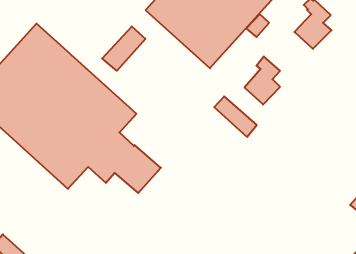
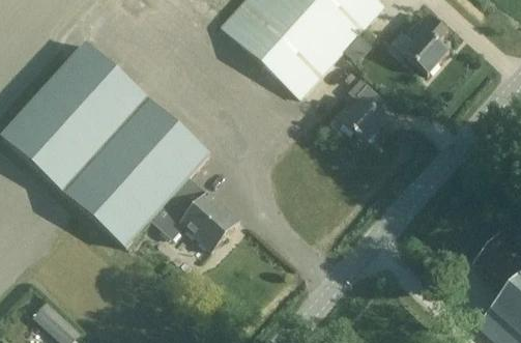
building: [102,26,145,71] -> none
building: [214,96,257,137] -> none

